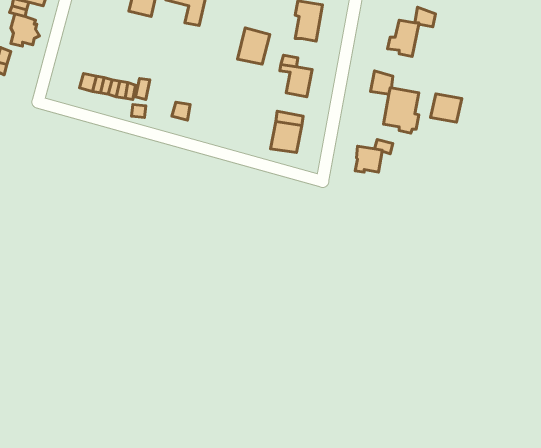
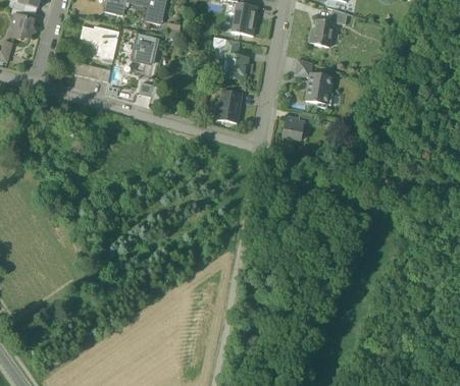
building: [237,28,270,64] -> [131,35,156,63]
building: none -> [80,25,118,58]
building: [430,94,462,122] -> none

